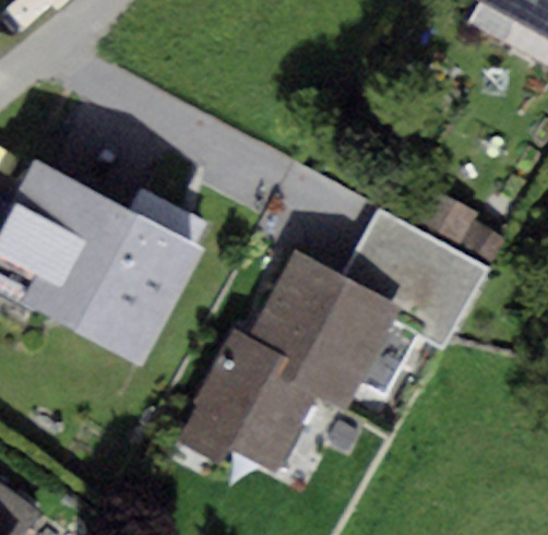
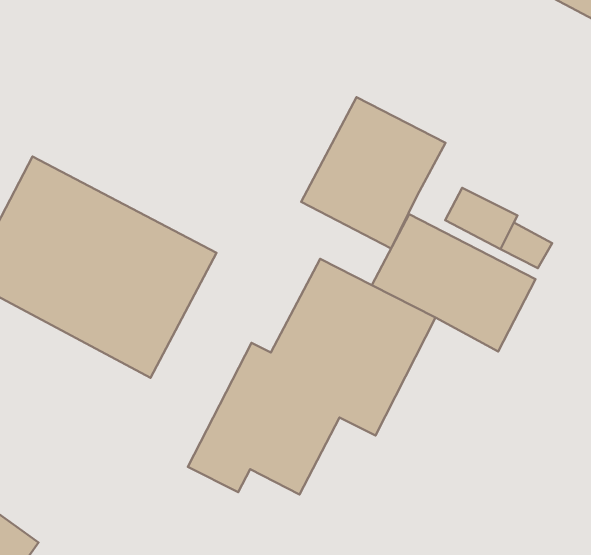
building: none -> [301,97,445,248]

